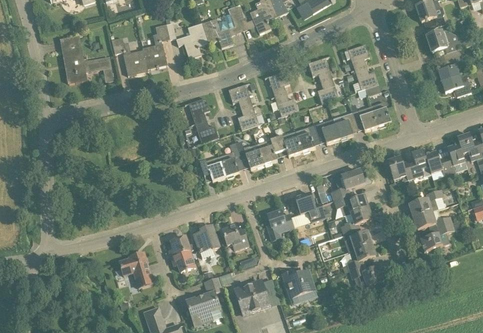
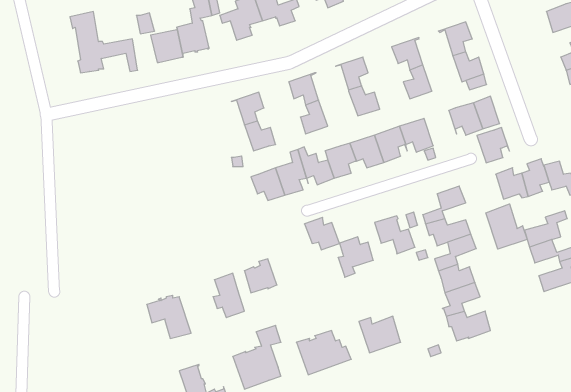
building: [332,112,357,139] -> [477,128,509,163]
building: none -> [486,204,527,249]
building: [221,225,248,250] -> [304,217,339,250]

